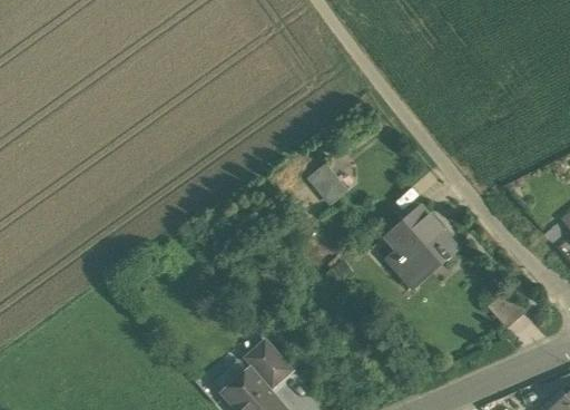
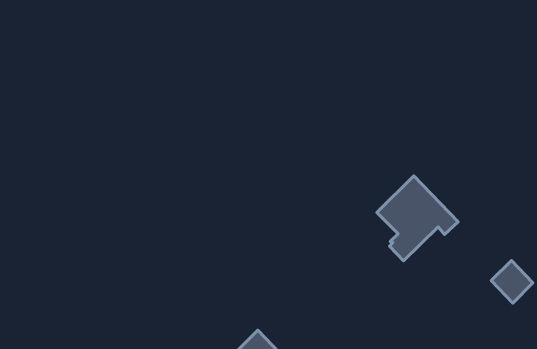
building: [304,160,346,205] -> none

